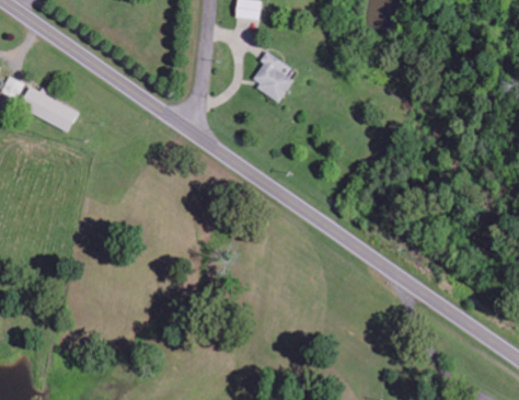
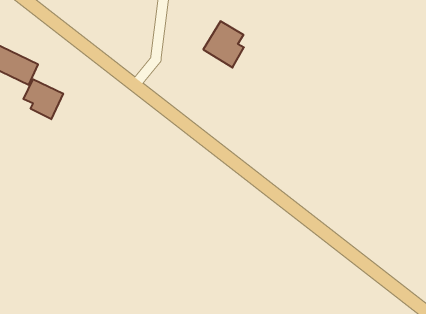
building: none -> [23,79,63,119]

